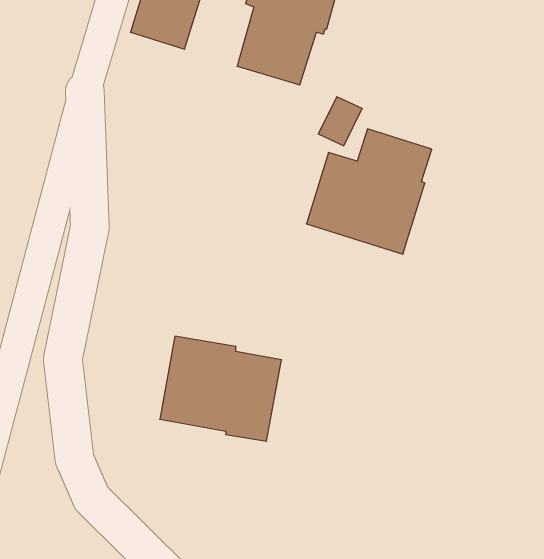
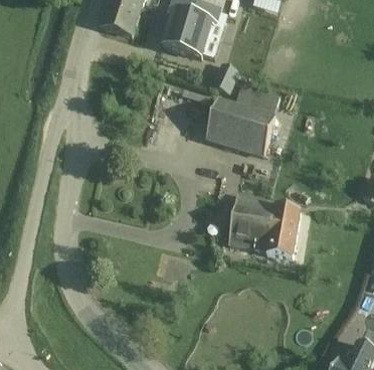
building: [160,336,282,441] -> [229,194,302,256]

